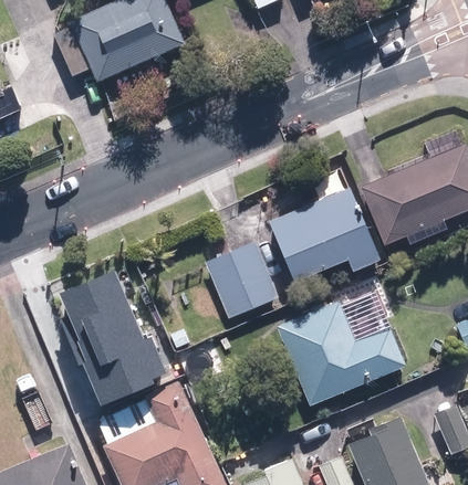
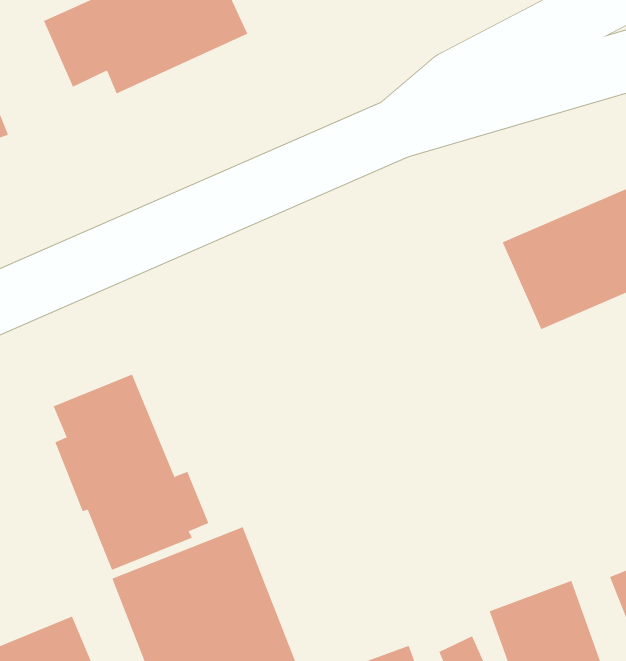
building: [266,182,384,284] -> none
building: [200,240,277,319] -> none
building: [278,296,398,408] -> none

